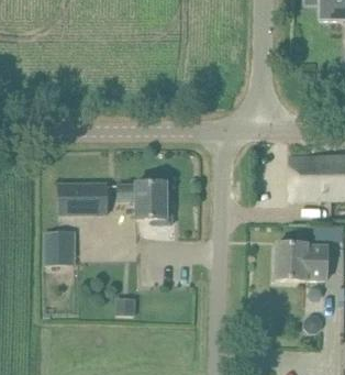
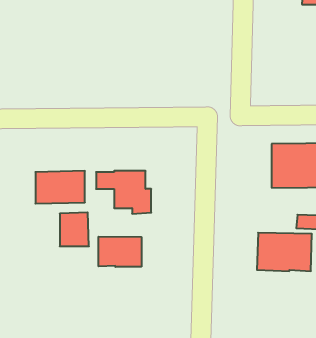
building: [45,230,74,263] -> [60,212,89,246]
building: none -> [99,237,141,267]

